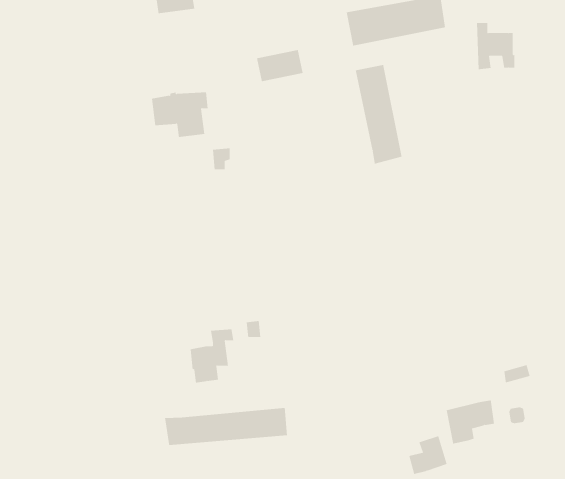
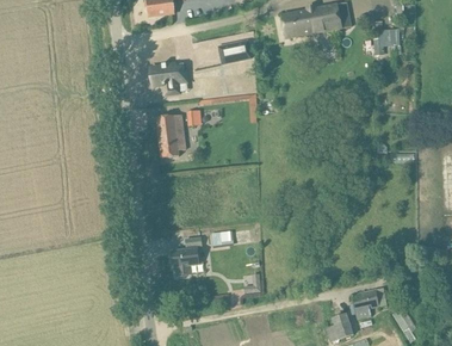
building: [355,64,402,164] -> none
building: none -> [156,116,185,159]
building: [165,407,288,446] -> none

